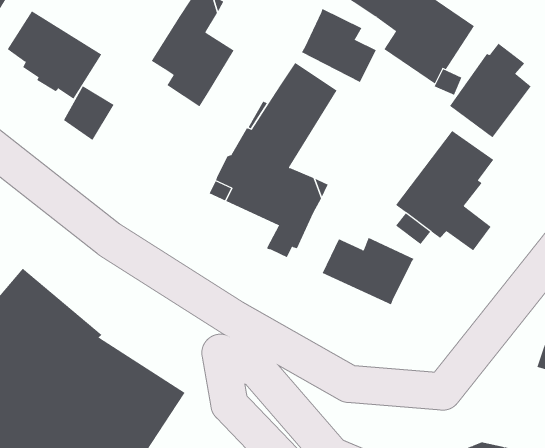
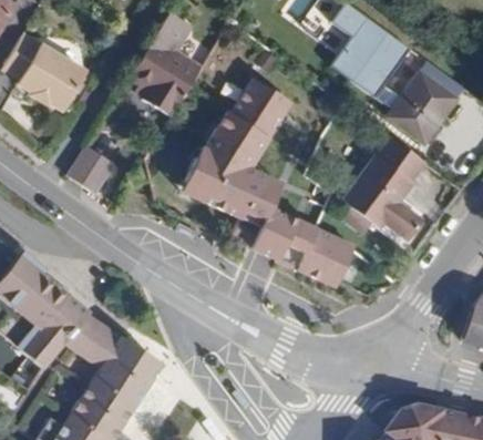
building: [301,8,376,83] -> none
building: [63,85,115,141] -> [73,144,117,192]
building: none -> [248,207,318,259]

